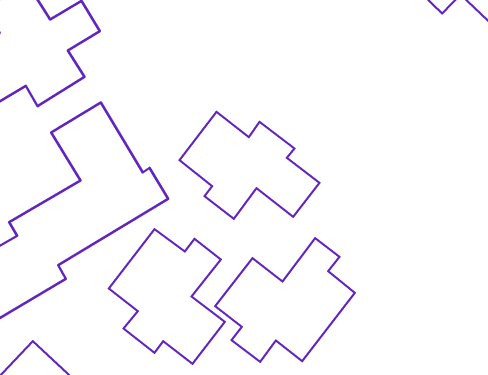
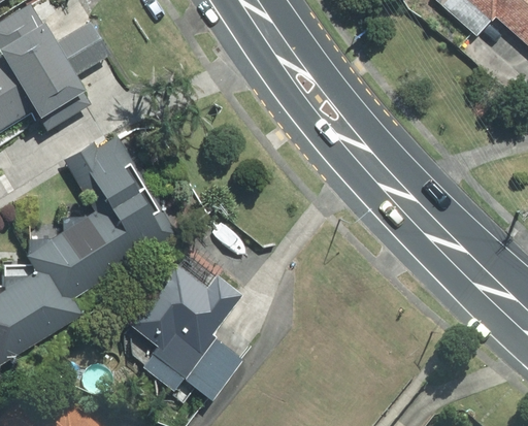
building: [179,112,319,219] -> none
building: [215,238,355,362] -> none

